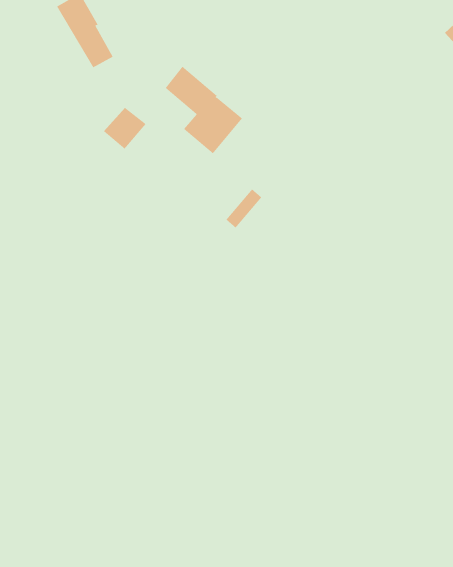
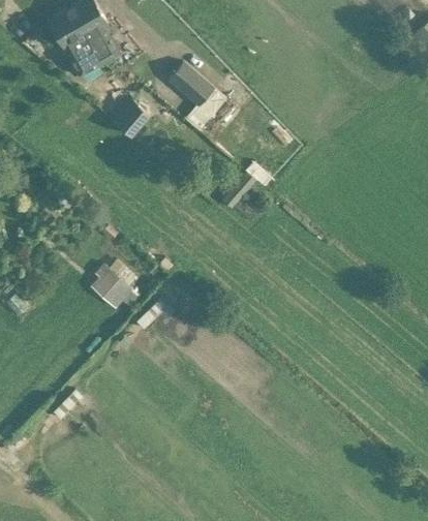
building: none -> [47,6,100,74]
building: none -> [89,262,130,306]

